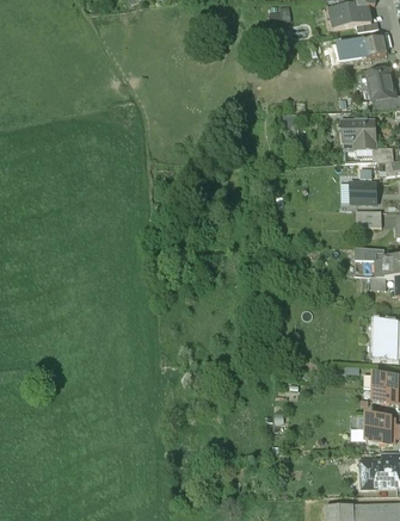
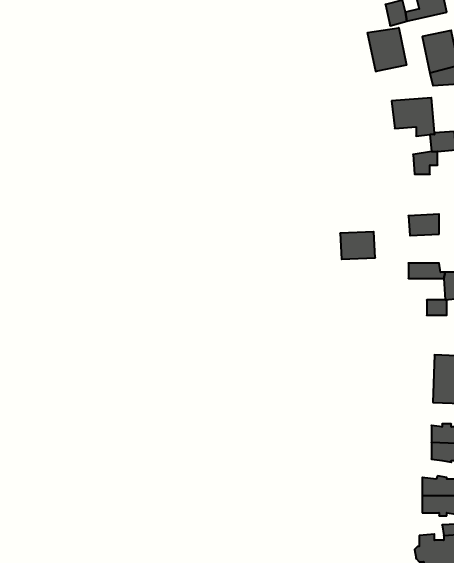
building: none -> [368,28,406,72]
building: [350,182,377,204] -> [340,232,375,259]

